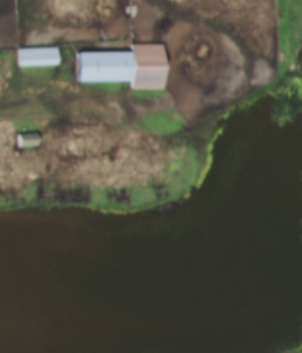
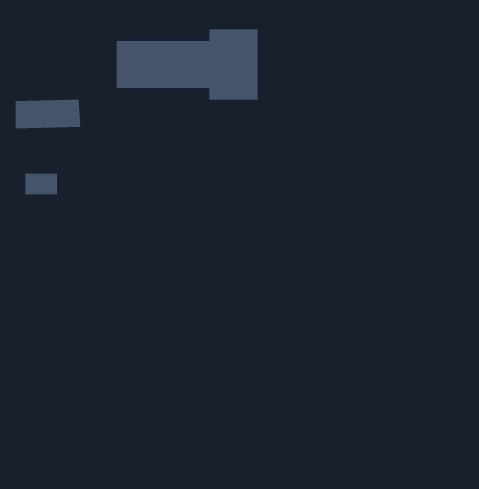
building: [19,47,60,66] -> [15,99,81,129]

